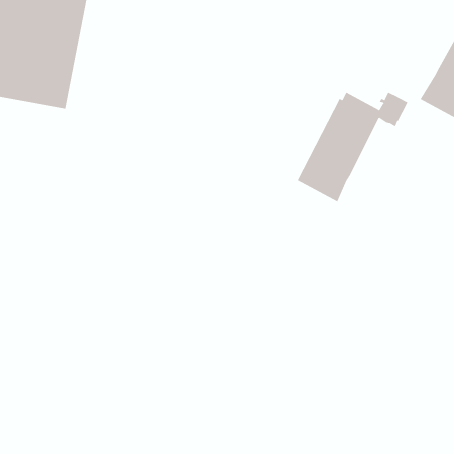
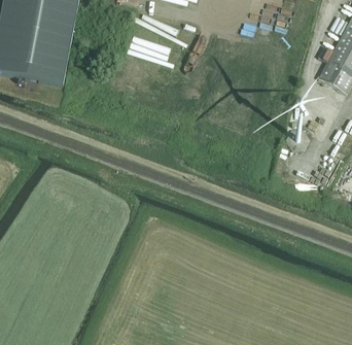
building: [297,92,409,202] -> none

